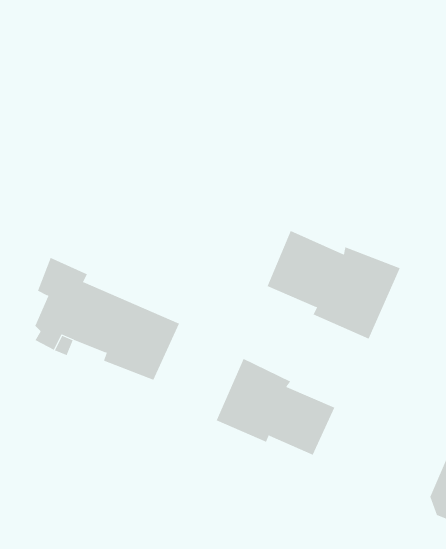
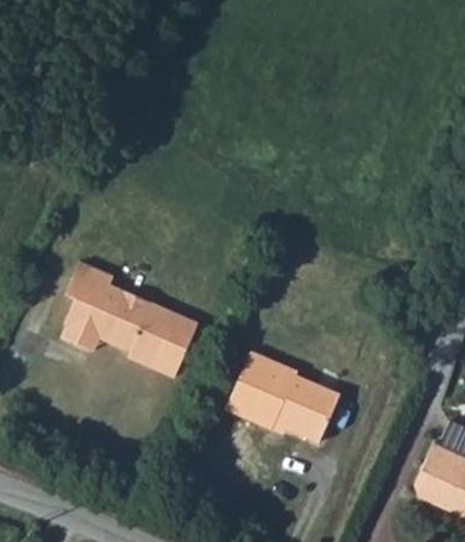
building: [267,230,400,340] -> none

